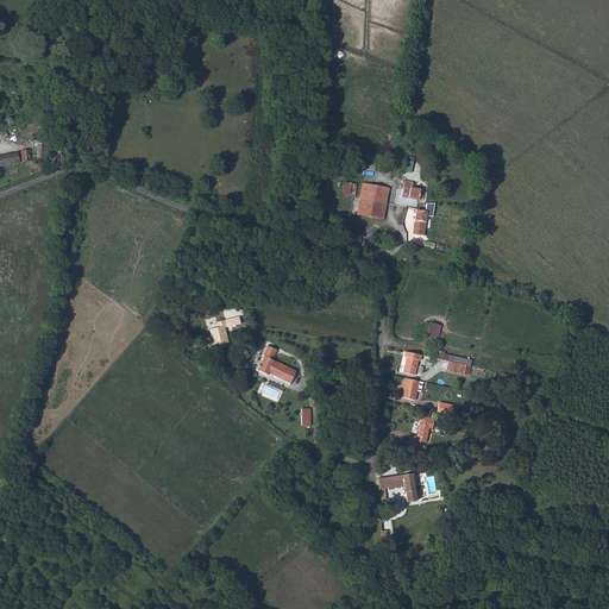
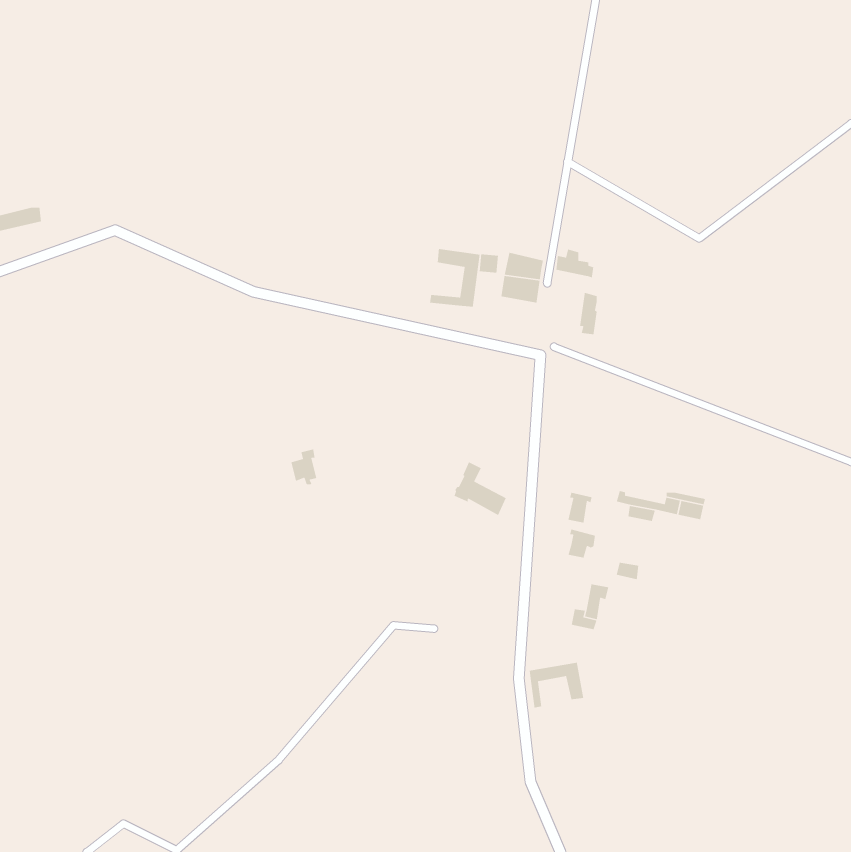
building: none -> [429,248,481,307]
building: [255,346,293,385] -> [453,461,507,516]

